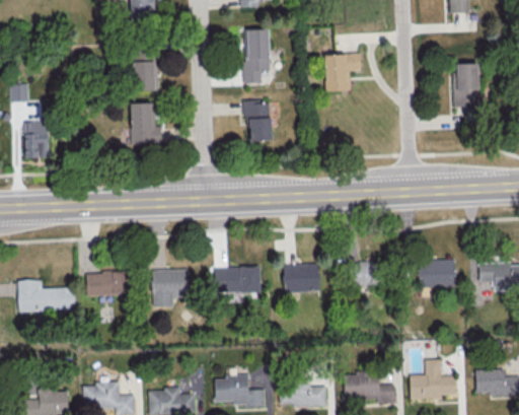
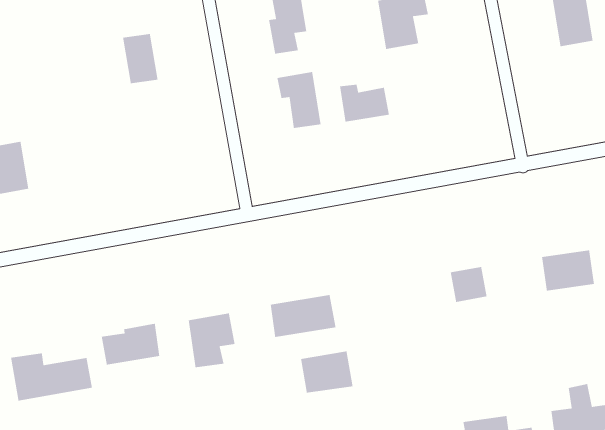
building: [130,102,161,144] -> none
building: none -> [339,84,390,123]
building: [283,264,319,291] -> [300,351,354,394]

